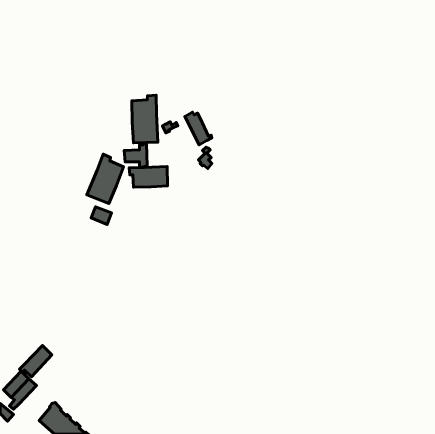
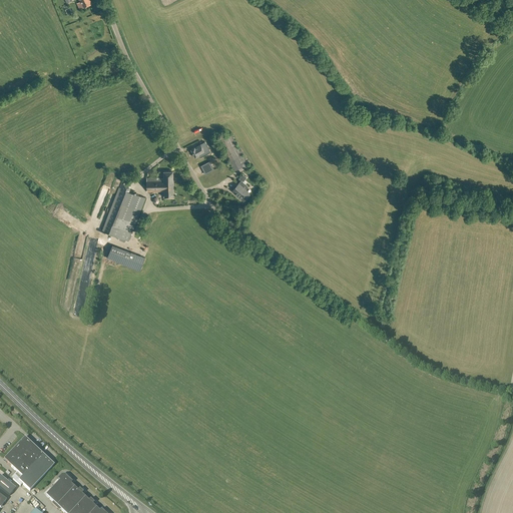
building: [132,95,158,143] -> none
building: [129,166,168,187] -> none
building: [19,345,52,377] -> [16,454,54,491]

